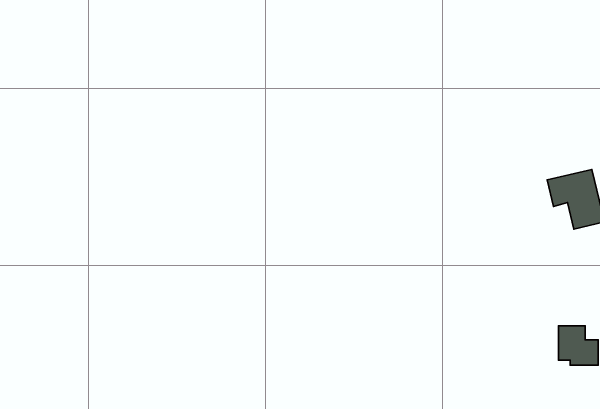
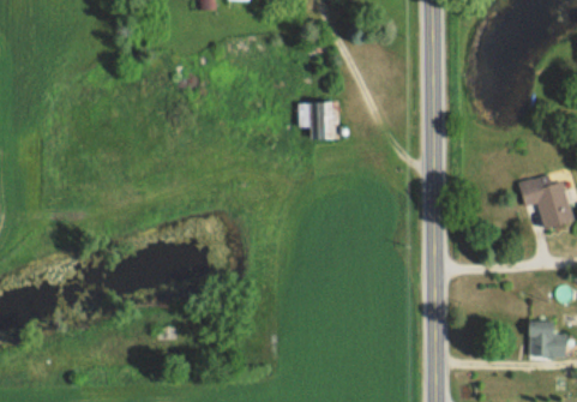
building: none -> [299,102,338,139]

